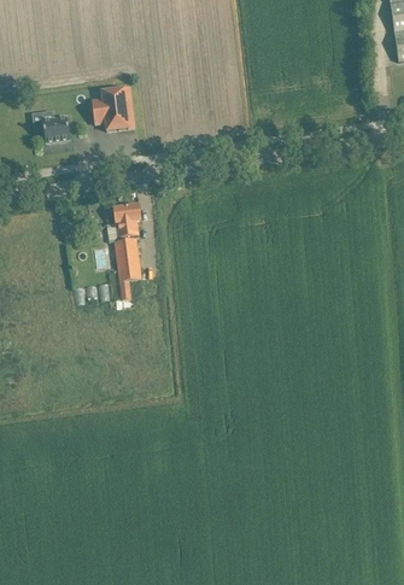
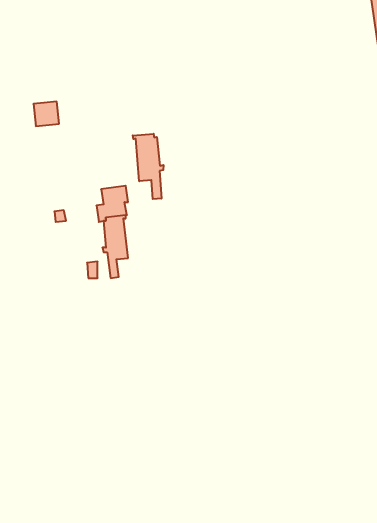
building: [92,87,135,130] -> none
building: none -> [133,134,163,199]

